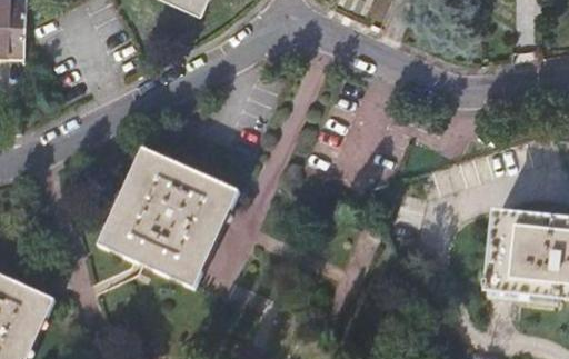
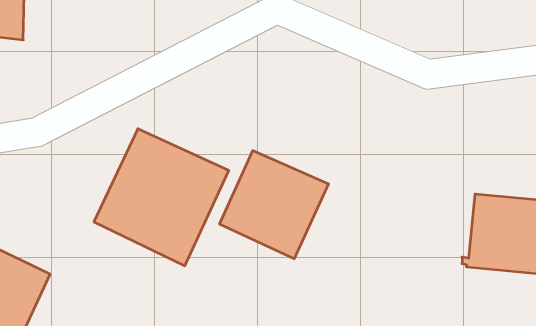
building: none -> [220,151,329,259]

